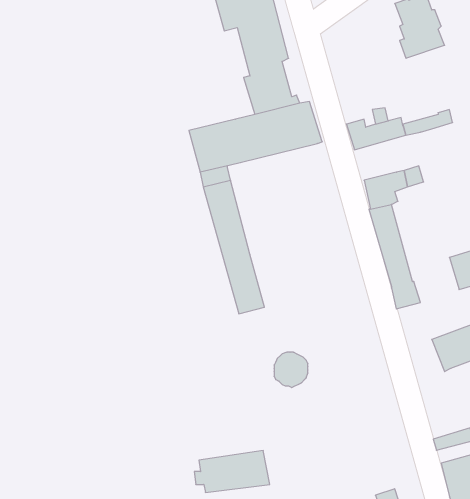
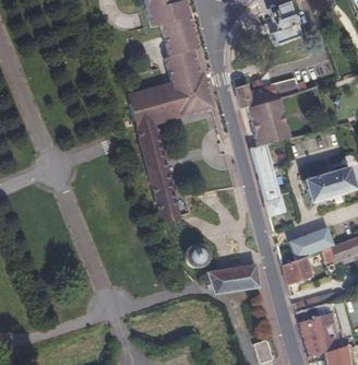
building: none -> [241,99,281,127]
building: none -> [284,255,313,283]
building: [194,451,270,492] -> [210,263,261,292]

